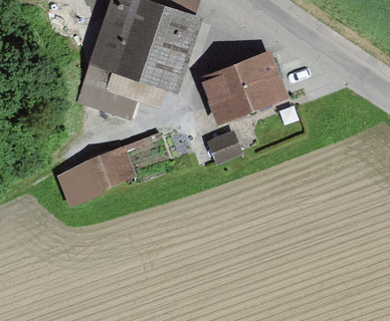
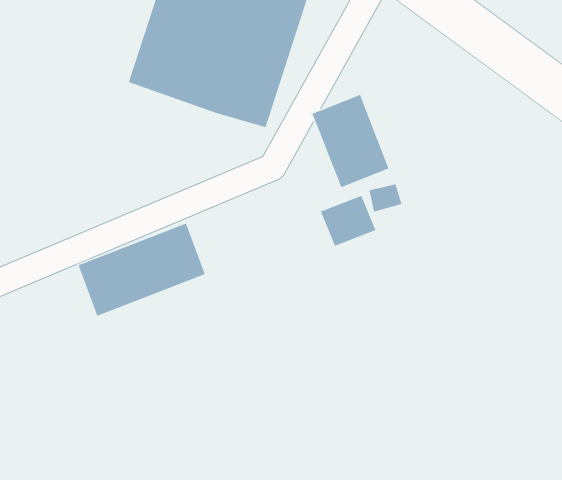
building: [232,53,289,114] -> none
building: [75,61,143,117] -> none

